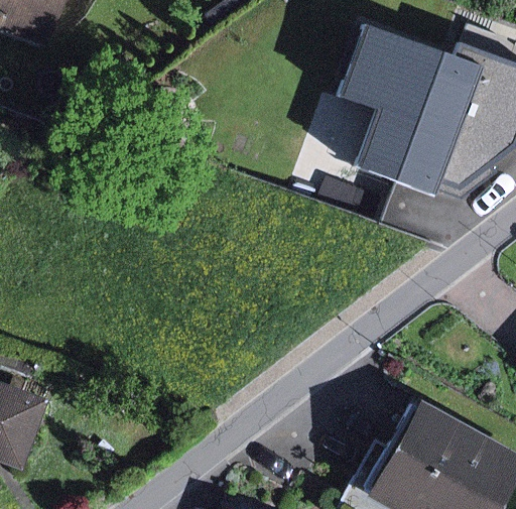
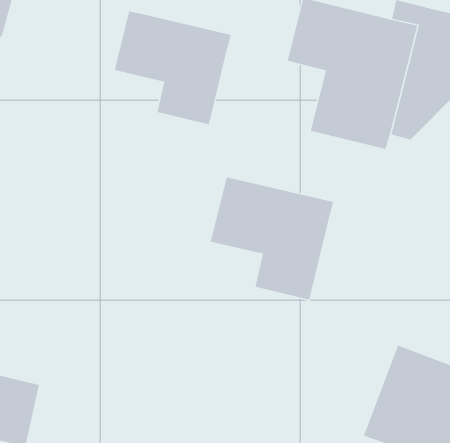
building: none -> [114,11,232,125]
building: none -> [210,177,334,301]

